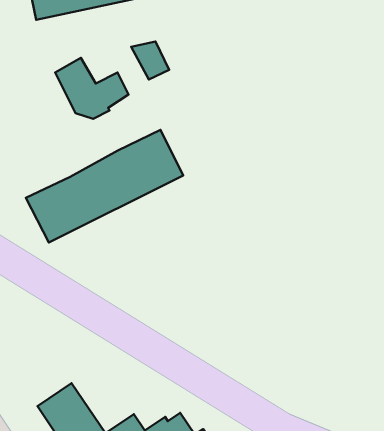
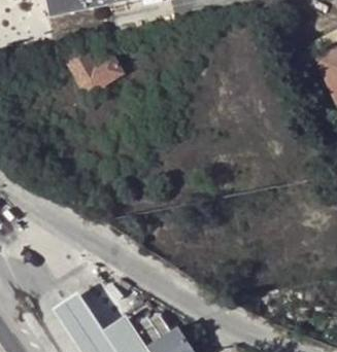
building: [26,130,183,242] -> none

